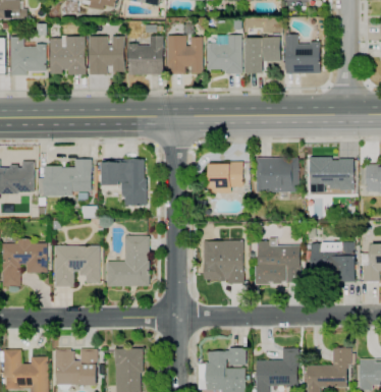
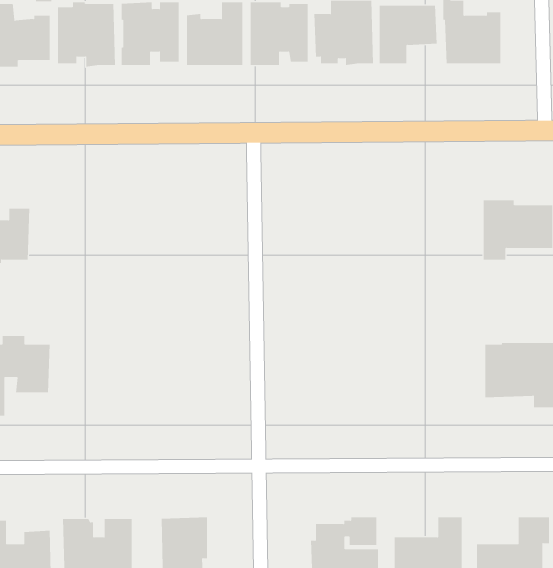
building: [256,157,298,192] -> none
building: [44,160,91,195] -> none
building: [102,160,146,206] -> none
building: [210,162,242,192] -> none
building: [107,236,150,286] -> none
building: [255,238,300,284] -> none
building: [204,240,243,284] -> none
building: [54,245,99,286] -> none

